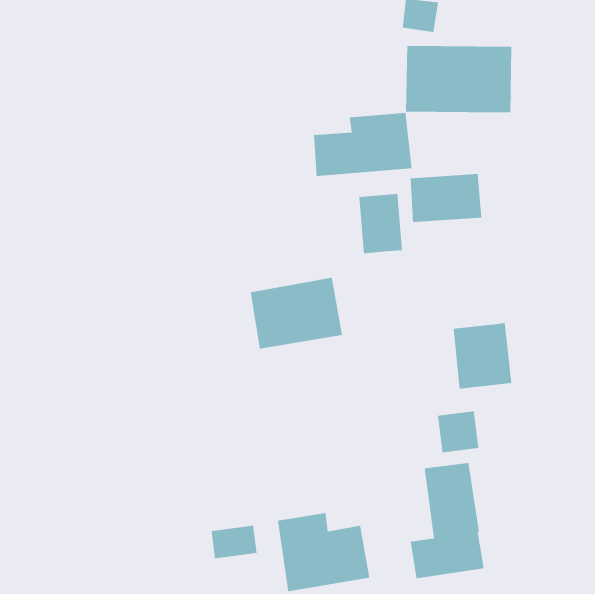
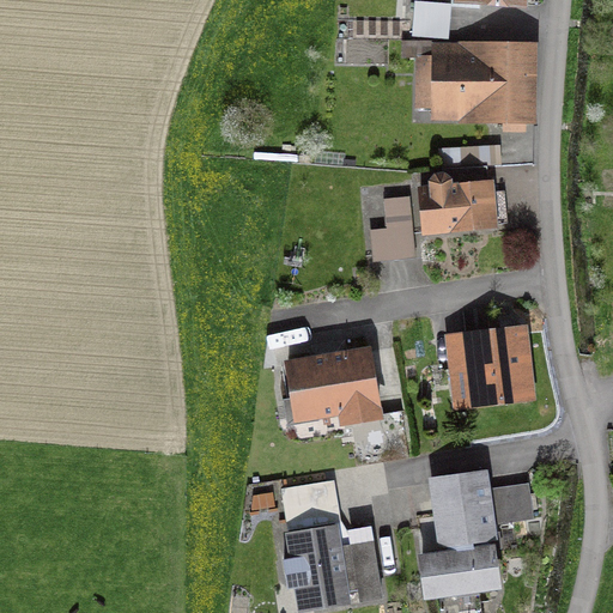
building: [313,112,412,177] -> none
building: [250,277,343,349] -> [285,351,381,425]
building: [437,411,479,453] -> [493,481,536,524]
building: [211,525,257,559] -> [285,484,333,518]

